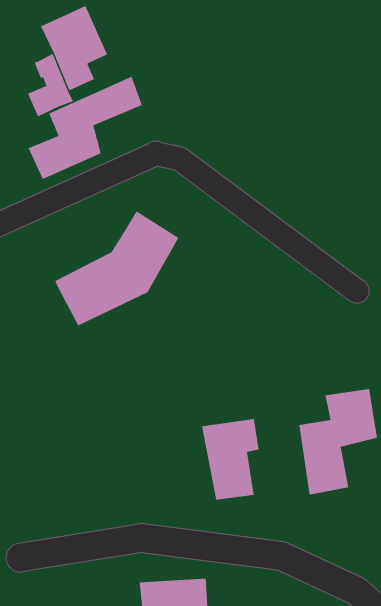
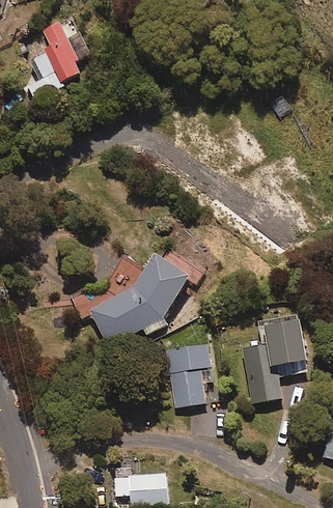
building: [28,76,143,180] -> none
building: [55,211,179,326] -> [88,253,188,345]

